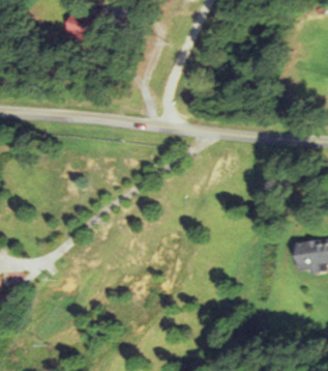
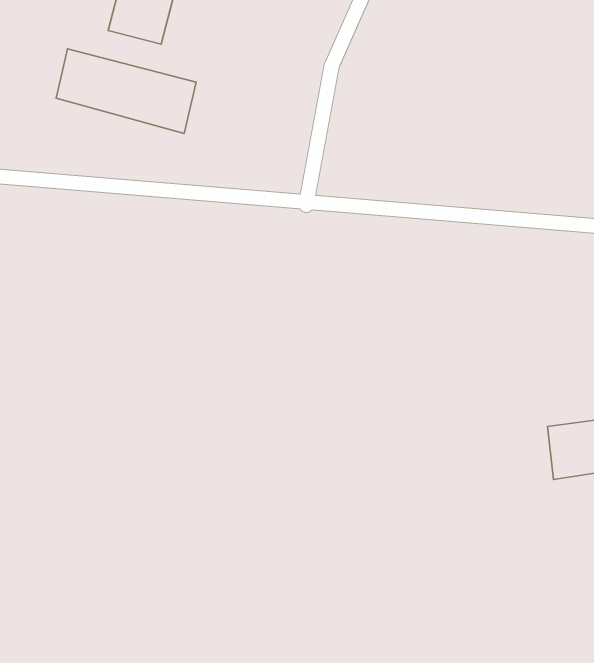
building: none -> [56,49,196,134]

